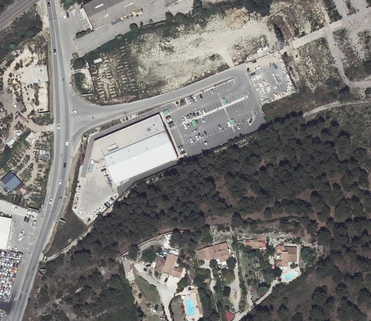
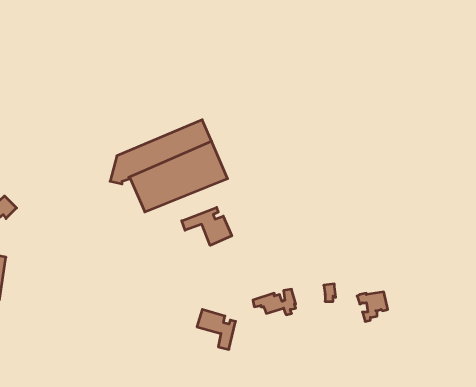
building: none -> [182,207,232,245]

